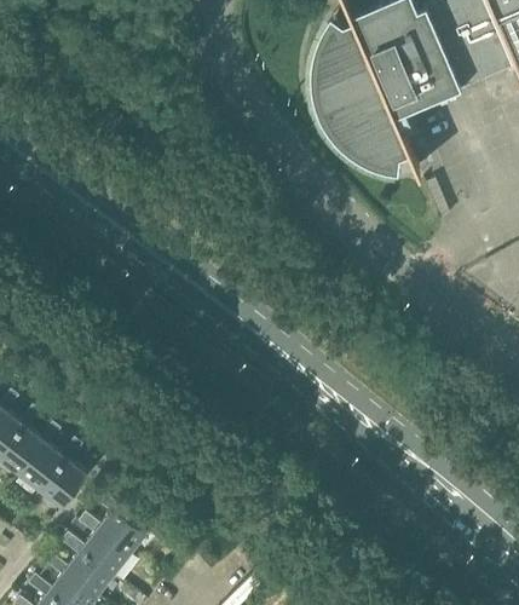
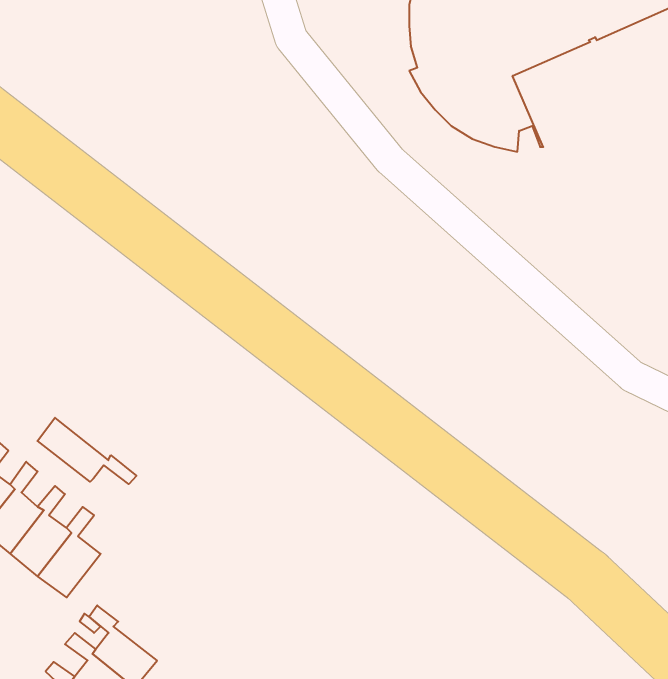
building: none -> [37,418,136,484]
building: [93,494,146,557] -> none

